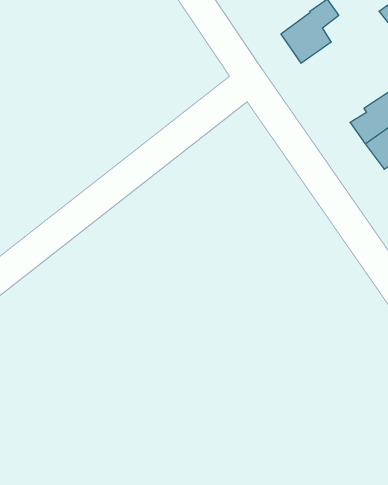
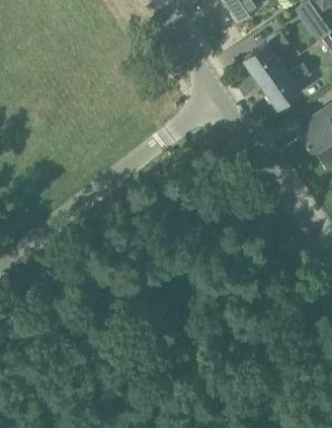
building: none -> [260,63,311,106]

